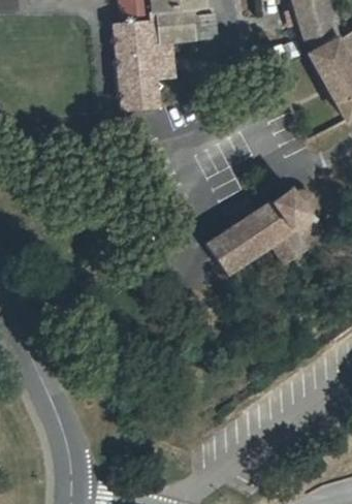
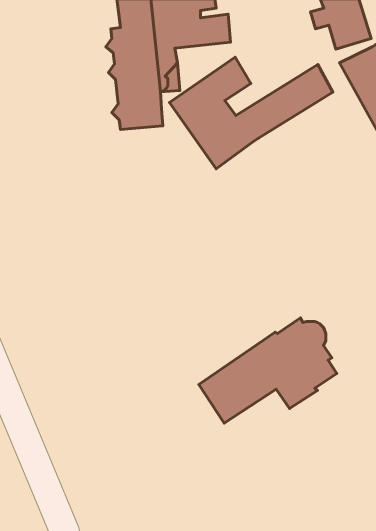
building: none -> [170,57,333,169]
building: [207,187,325,277] -> [199,318,337,423]

